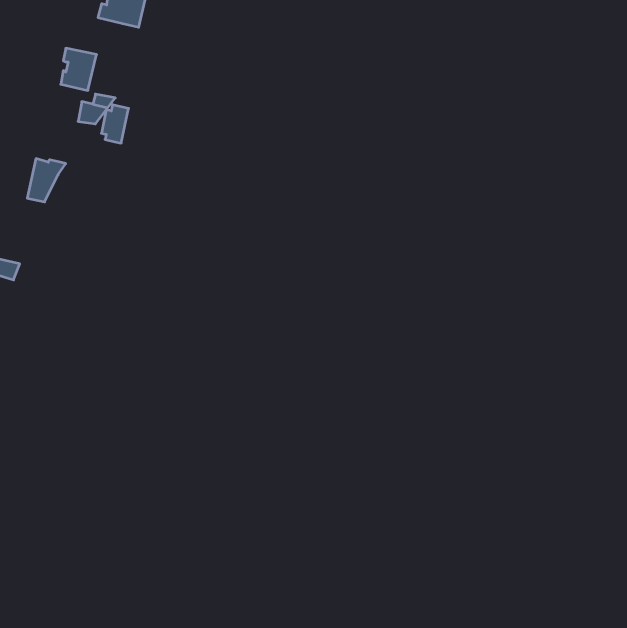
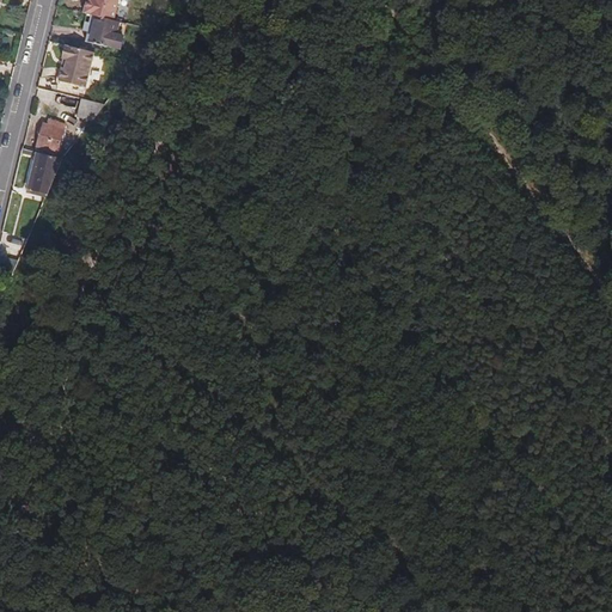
building: none -> [85,16,118,48]
building: [101,105,129,143] -> [35,118,61,155]

